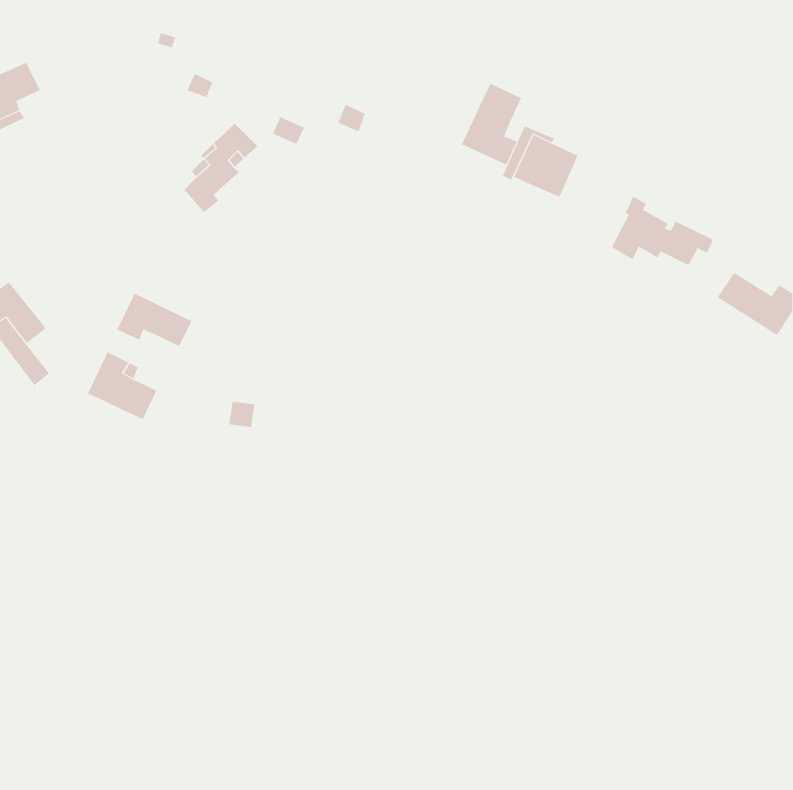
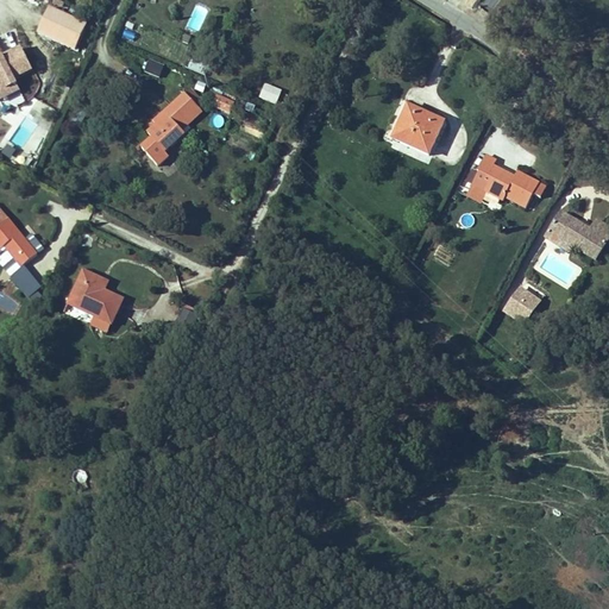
building: none -> [37,7,86,49]
building: [461,83,522,165] -> none
building: [117,293,192,347] -> none
building: none -> [506,285,539,320]

